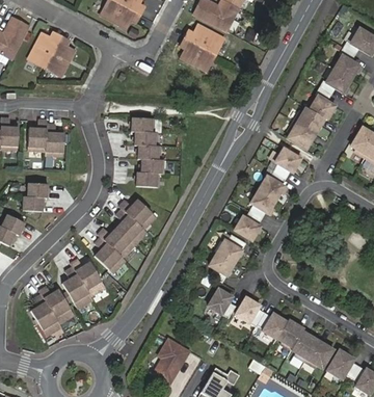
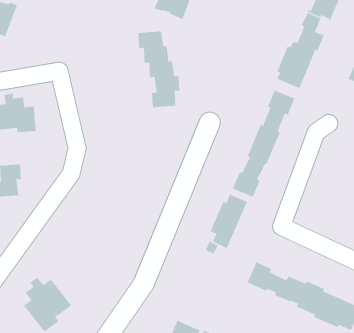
building: [48,42,77,77] -> none
building: [132,116,165,186] -> [138,31,180,108]
building: [96,198,158,273] -> none
building: [63,259,107,309] -> none
building: [206,289,234,319] -> none

